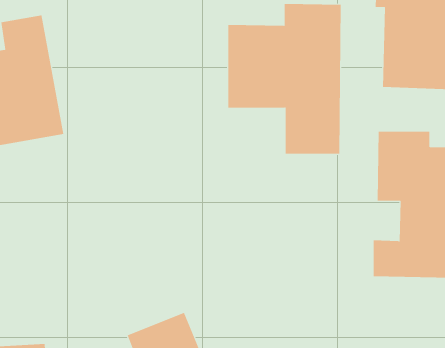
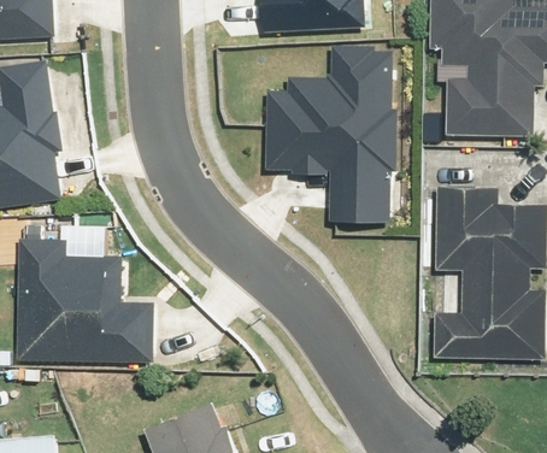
building: none -> [11,233,152,363]

